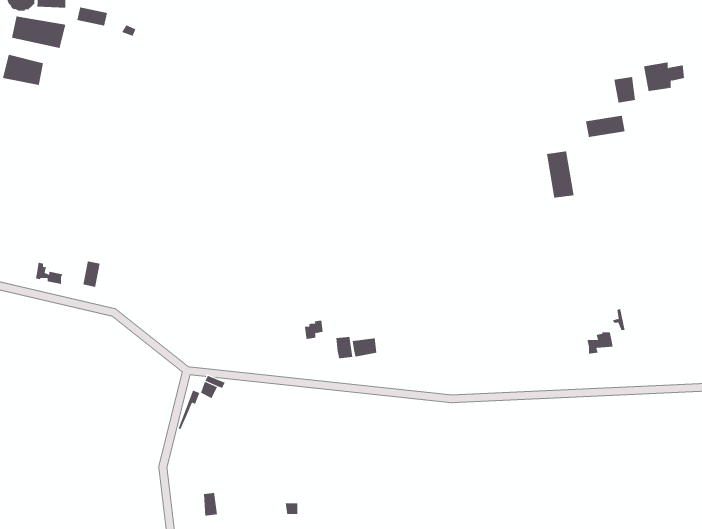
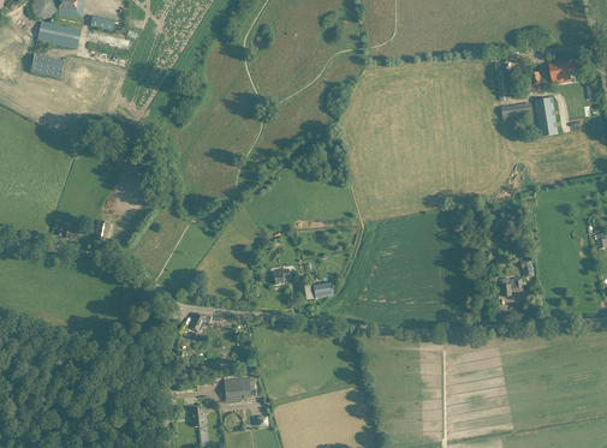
building: [546,151,574,198] -> [534,97,557,136]
building: none -> [222,378,254,399]

